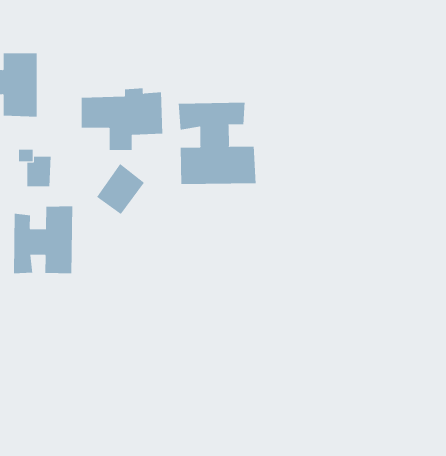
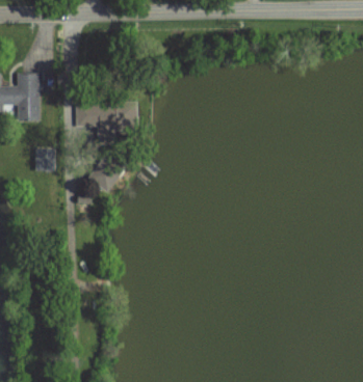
building: [178,102,256,185] -> none
building: [13,206,73,274] -> none

